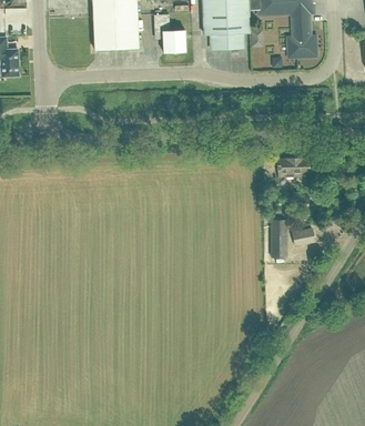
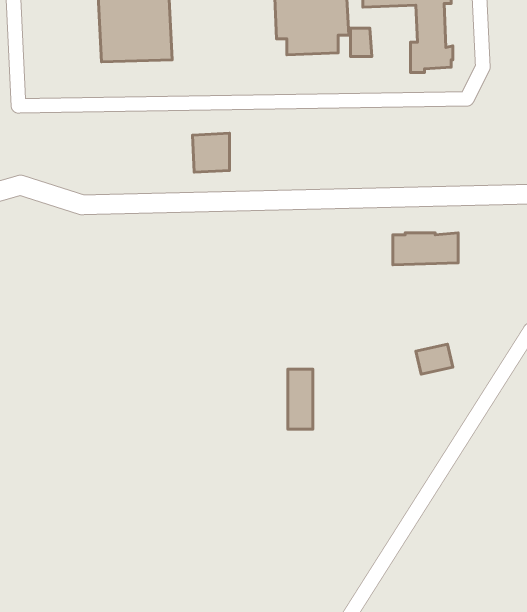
building: [162,30,185,54] -> [192,133,229,172]
building: [272,220,287,257] -> [288,369,313,429]

